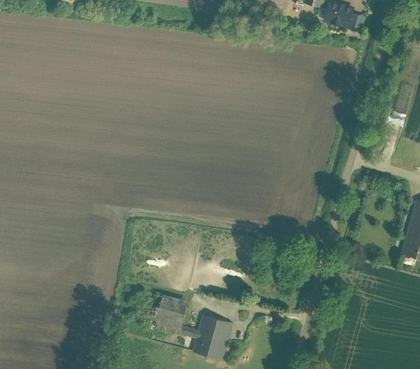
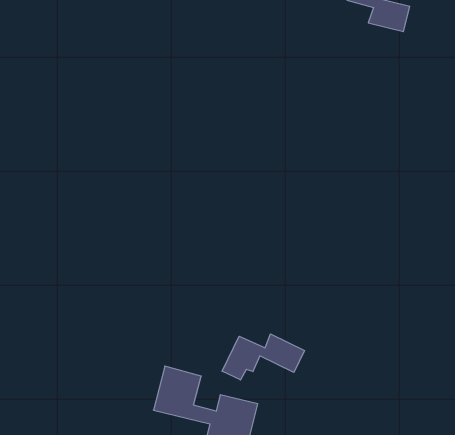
building: none -> [222,334,304,380]

